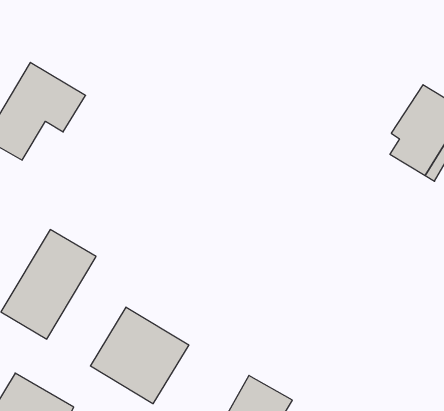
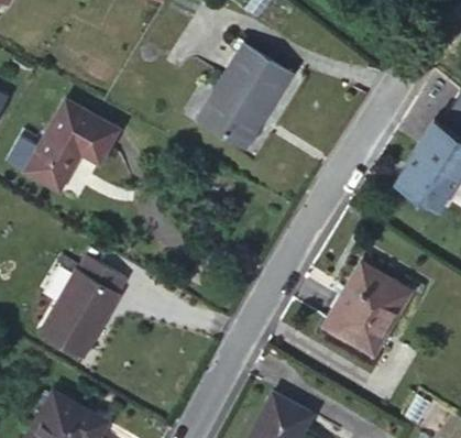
building: none -> [199,45,290,146]
building: none -> [326,269,405,346]
building: [90,307,189,404] -> none

